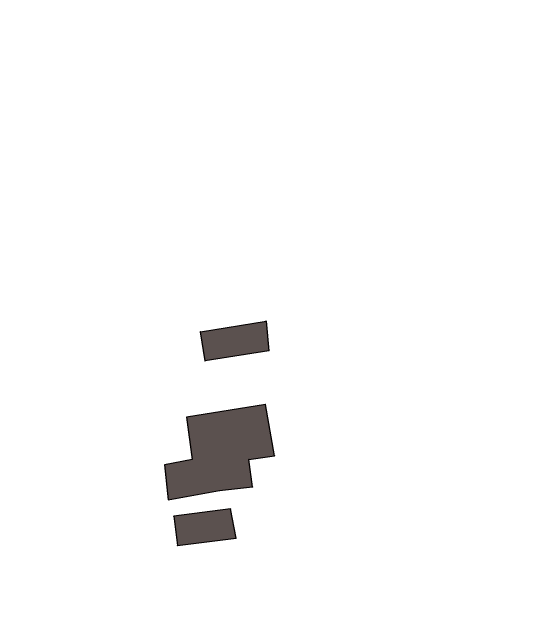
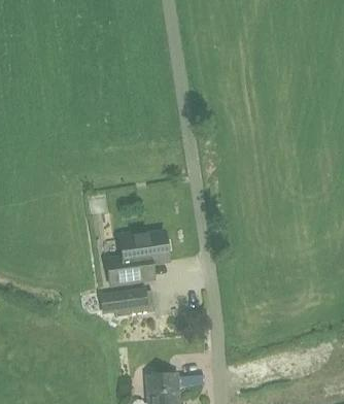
building: [200,321,269,361] -> none

